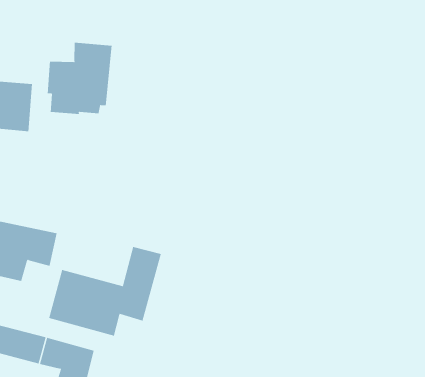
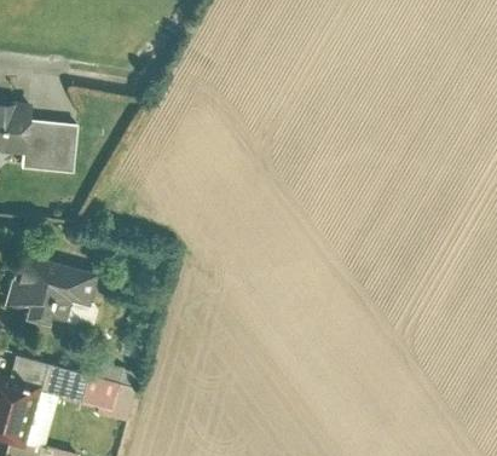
building: [47,42,112,115] -> none
building: [48,246,161,337] -> none

